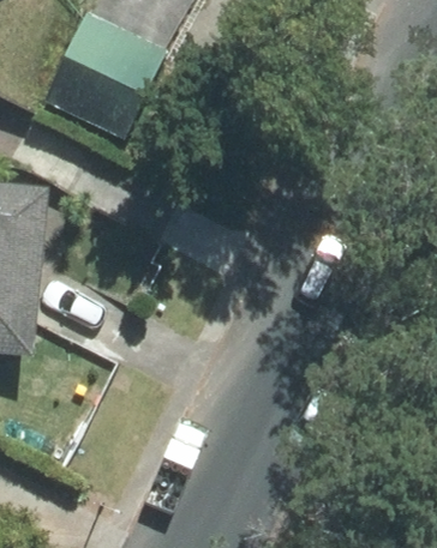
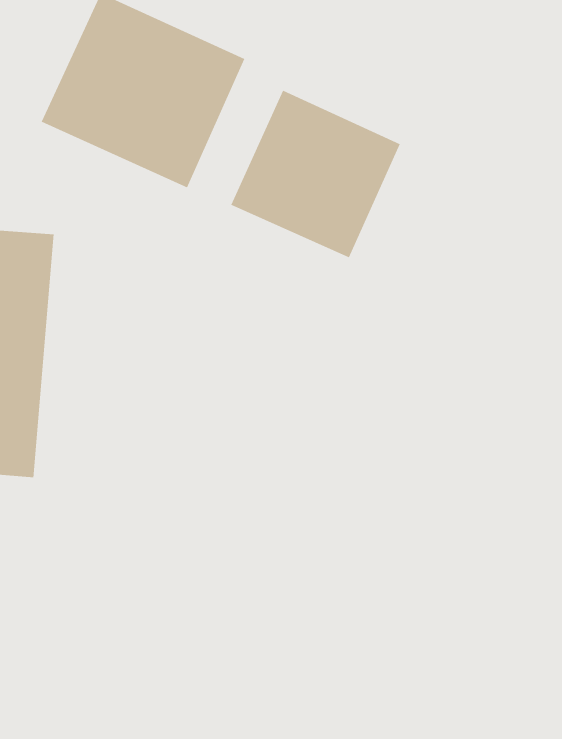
building: none -> [230,90,400,258]

